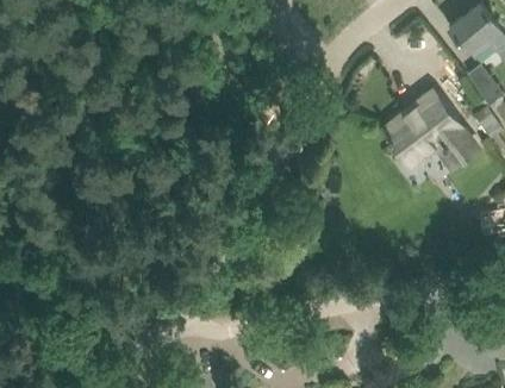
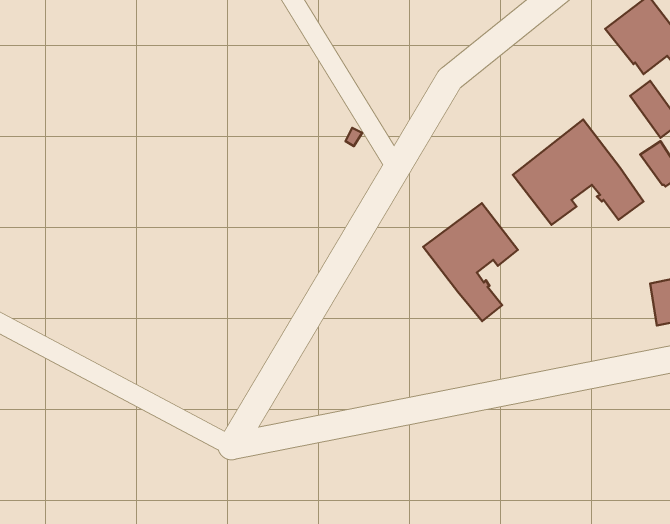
building: none -> [423,203,518,321]

